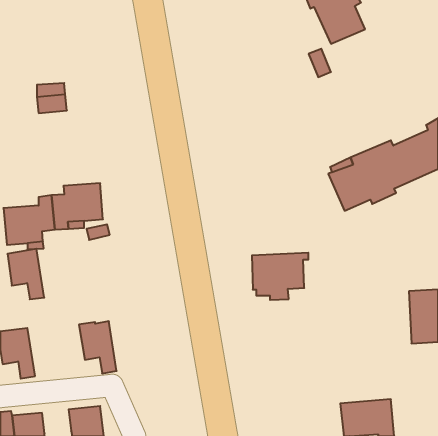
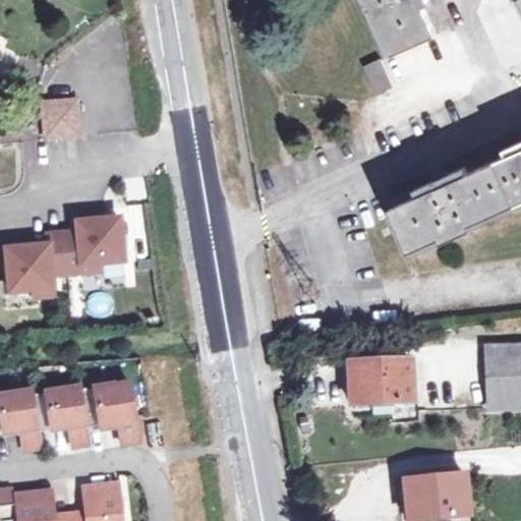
building: [7,249,44,299] -> [46,386,90,446]
building: [252,253,308,300] -> [349,358,416,414]

